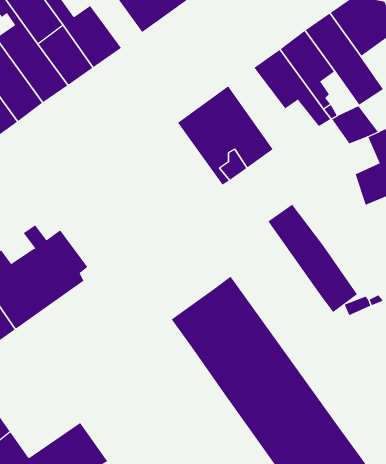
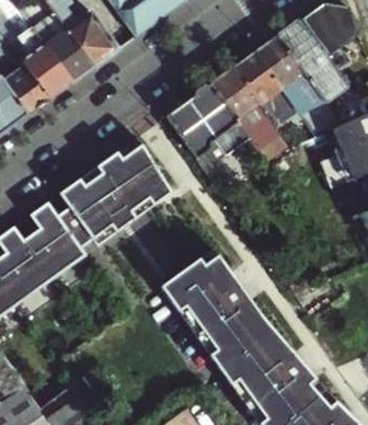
building: none -> [55,138,172,244]
building: [268,204,358,313] -> [211,67,290,162]

